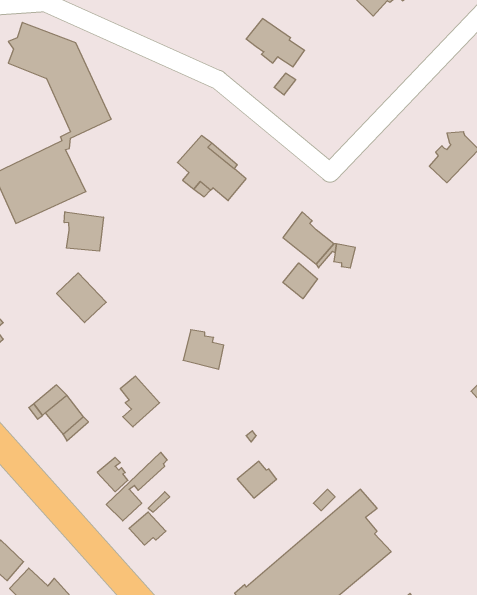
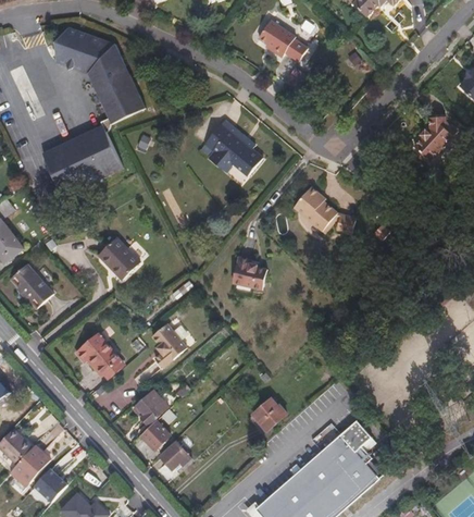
building: [64,212,103,251] -> none
building: [283,263,318,299] -> none
building: [183,330,224,369] -> [229,257,264,291]

